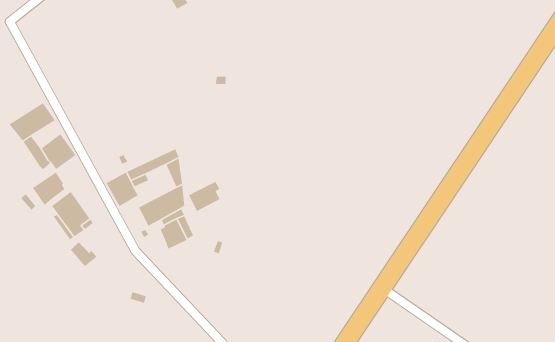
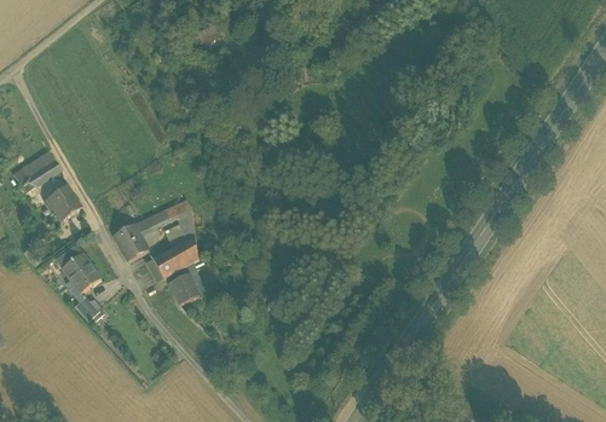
building: [32,172,66,206] -> none
building: [188,181,220,212] -> none

